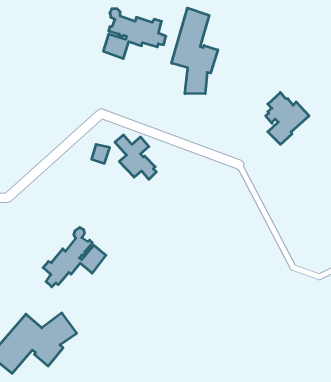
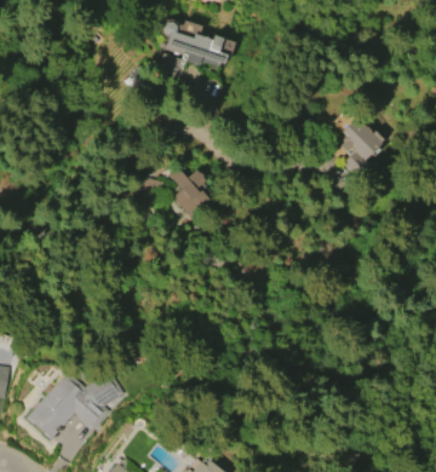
building: [172,8,218,94] -> none
building: [43,227,106,287] -> none

